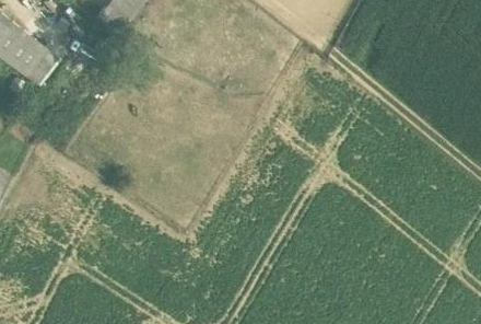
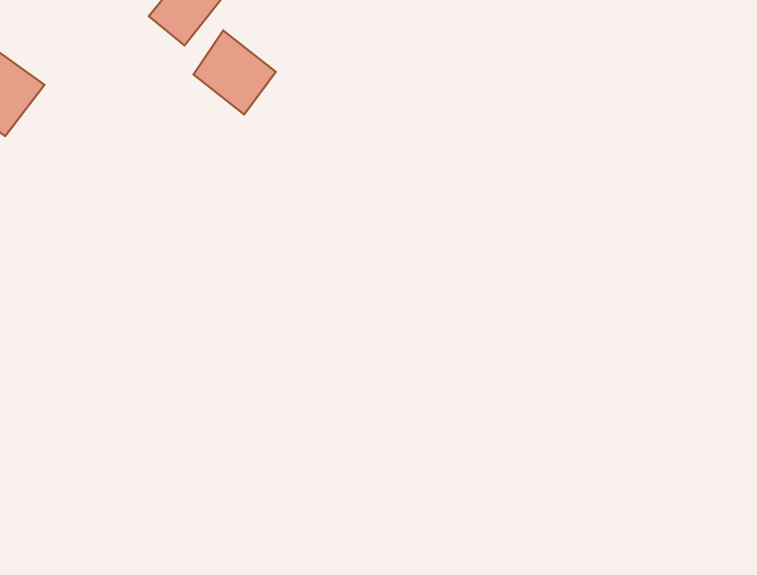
building: none -> [193,31,276,115]

